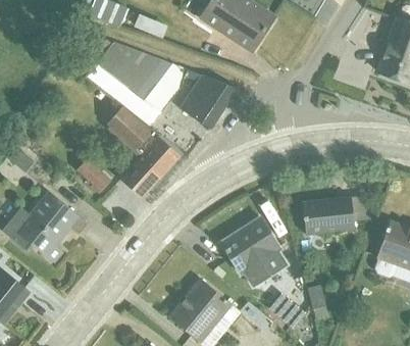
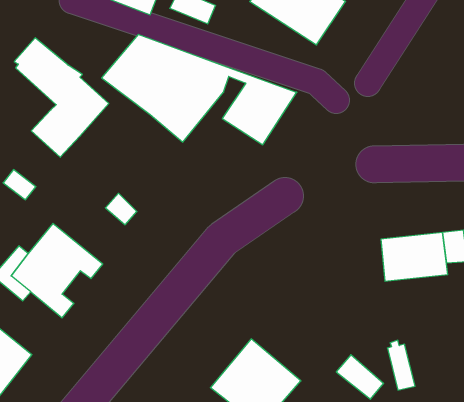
building: [106,104,180,197] -> [14,38,109,157]
building: [220,216,288,286] -> none

